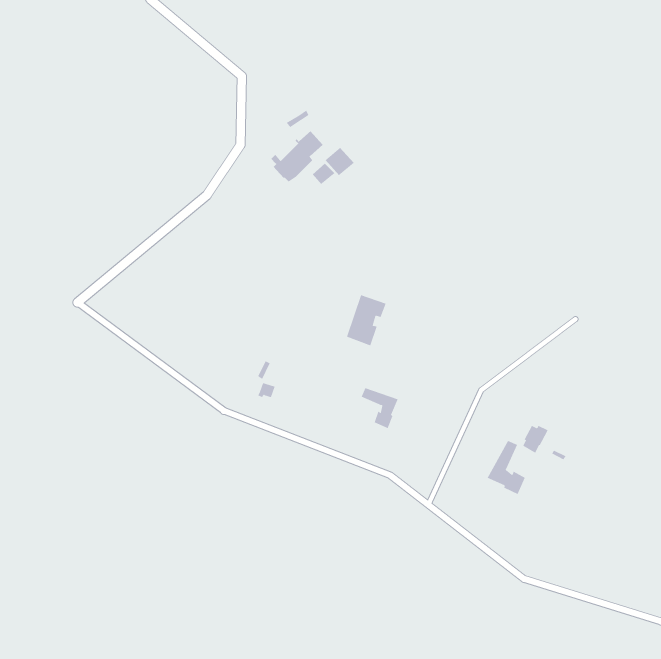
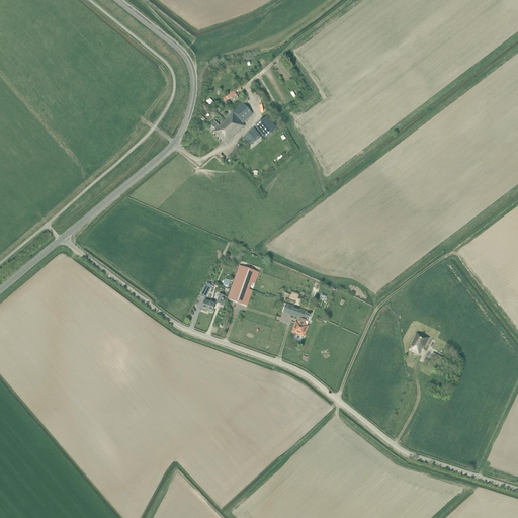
building: [346,294,386,346] -> [228,265,259,306]
building: [487,440,526,495] -> none

